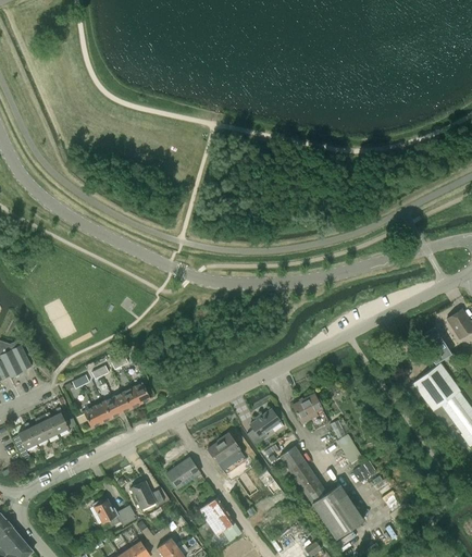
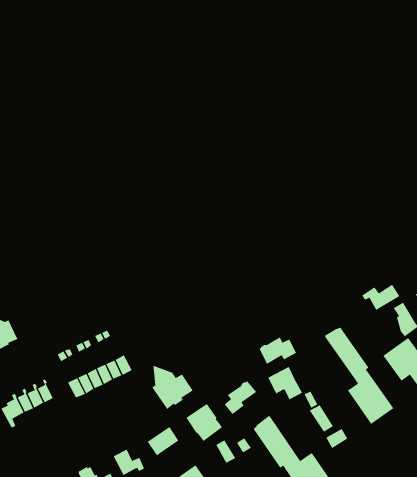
building: none -> [362,284,400,311]
building: none -> [324,327,394,425]
building: none -> [259,336,297,365]
building: none -> [152,365,193,410]

